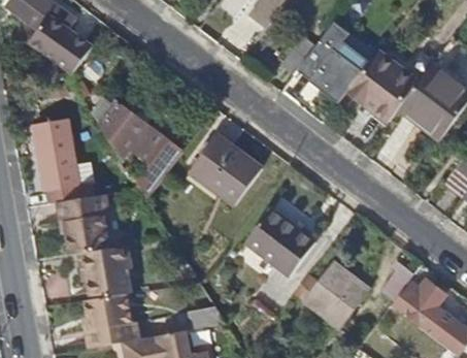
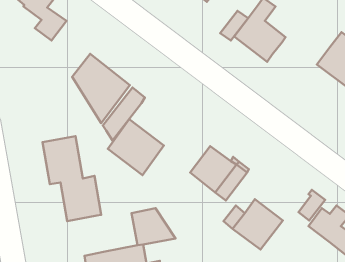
building: [346,52,419,123] -> none
building: [33,120,80,191] -> none
building: [191,136,261,206] -> [108,119,164,175]
building: [86,293,136,347] -> none

